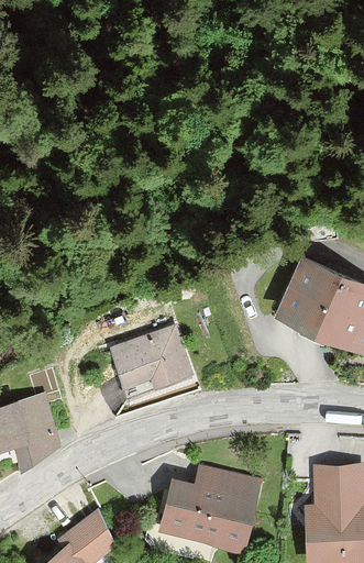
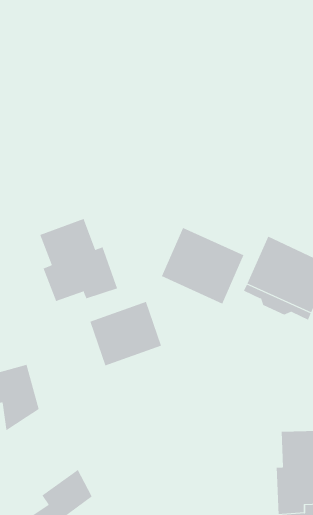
building: none -> [40,218,118,302]
building: none -> [161,227,244,304]
building: [162,468,256,548] -> none

